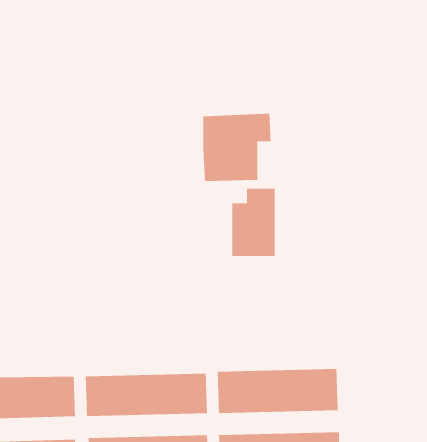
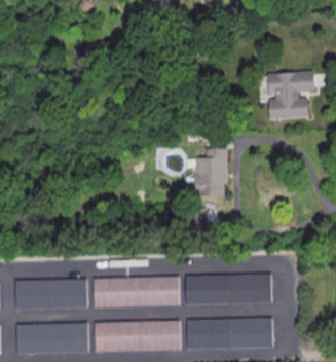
building: [203,113,271,182] -> [268,70,316,118]

